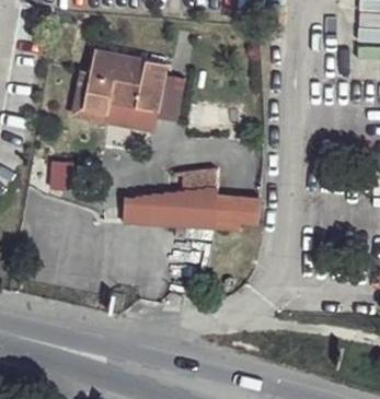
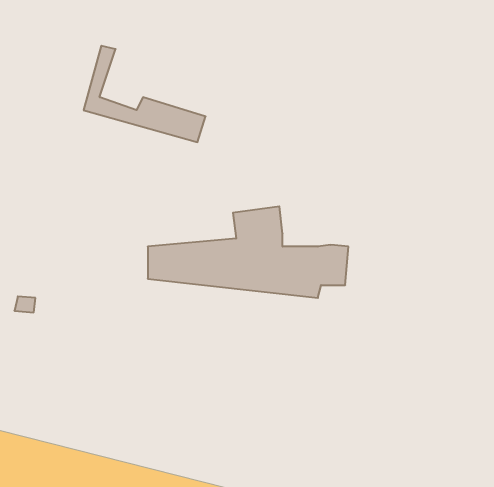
building: [92,44,179,112] -> none

